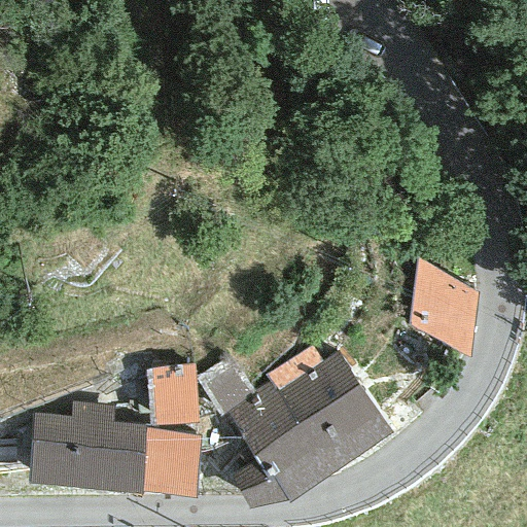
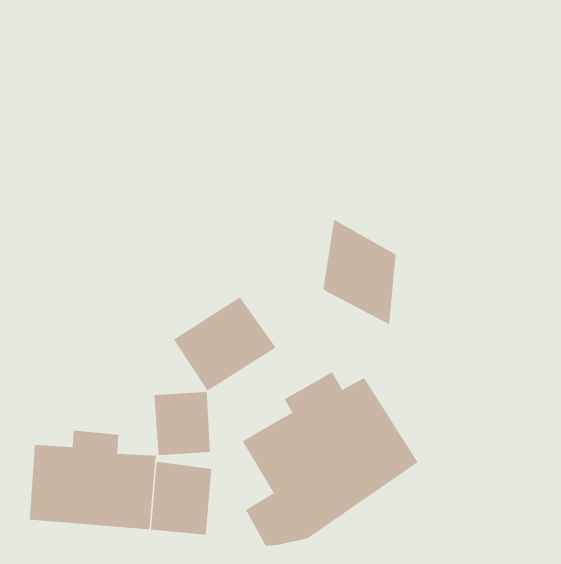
building: [410,257,479,356] -> [322,219,396,325]
building: none -> [173,297,277,391]

